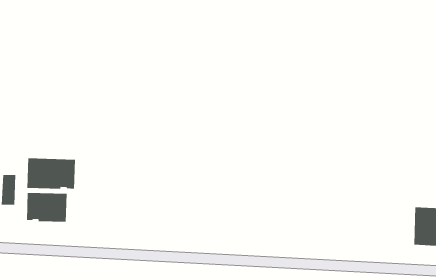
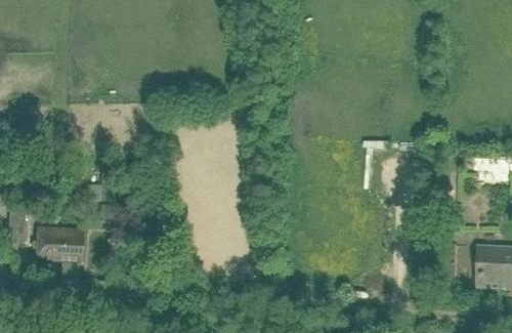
building: [27,158,75,190] -> none

